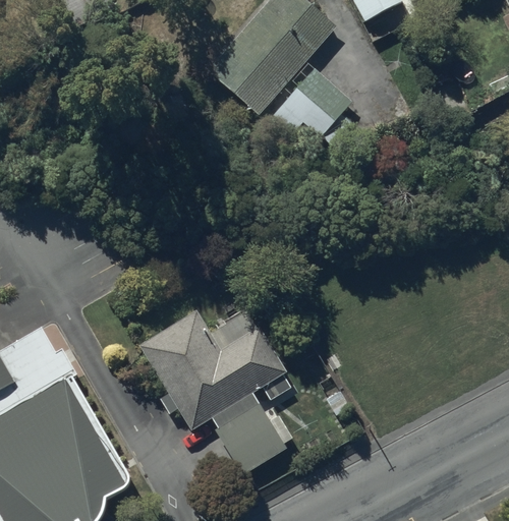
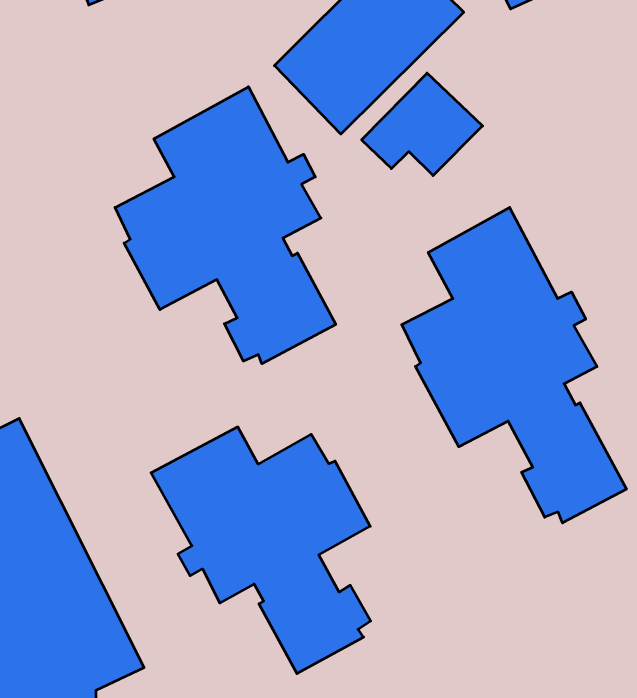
building: none -> [115,87,336,364]
building: none -> [402,207,626,523]

